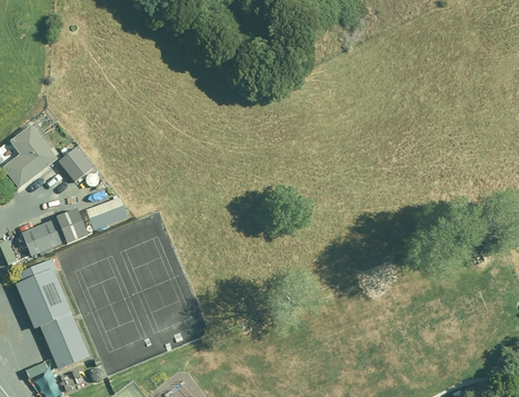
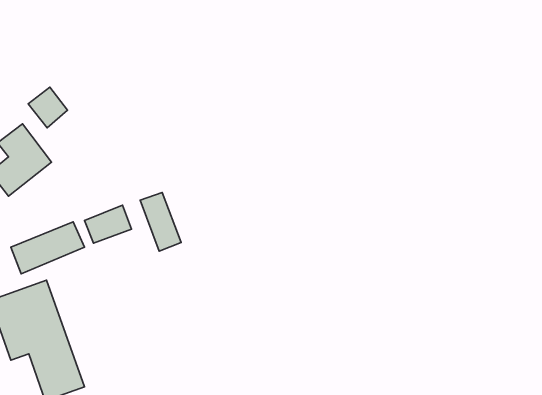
building: [59,146,93,181] -> [28,87,67,128]
building: none -> [140,193,181,251]

